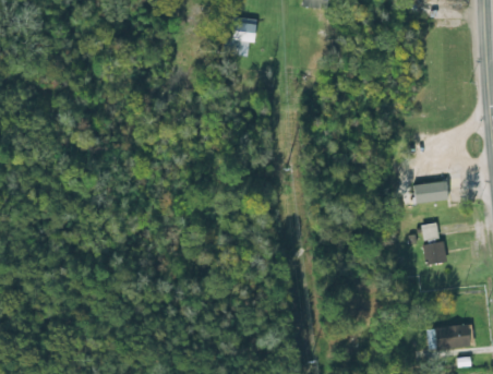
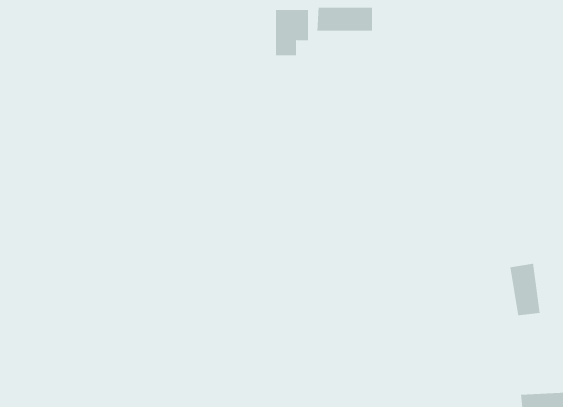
building: none -> [317,7,373,32]
building: [414,181,449,202] -> none

